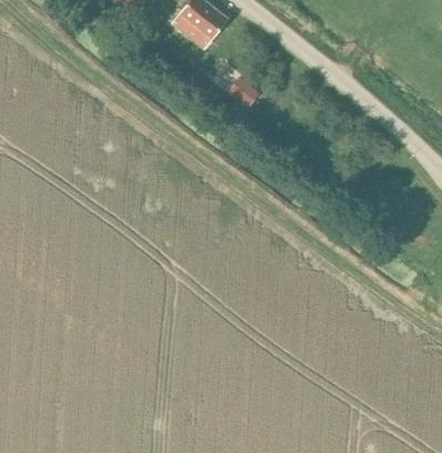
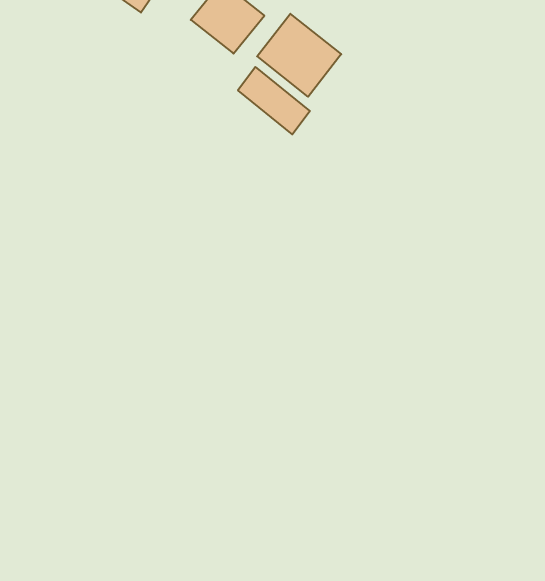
building: none -> [257,14,341,97]

